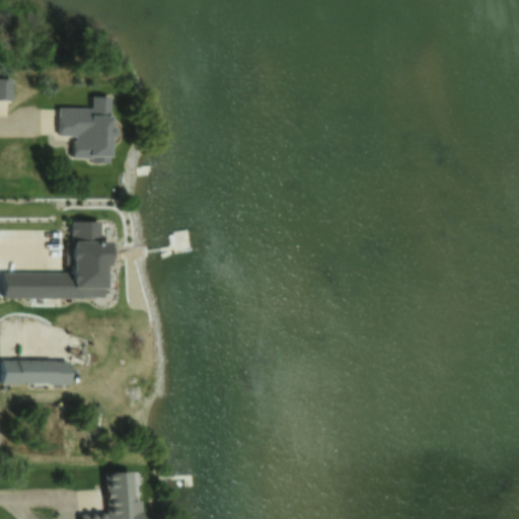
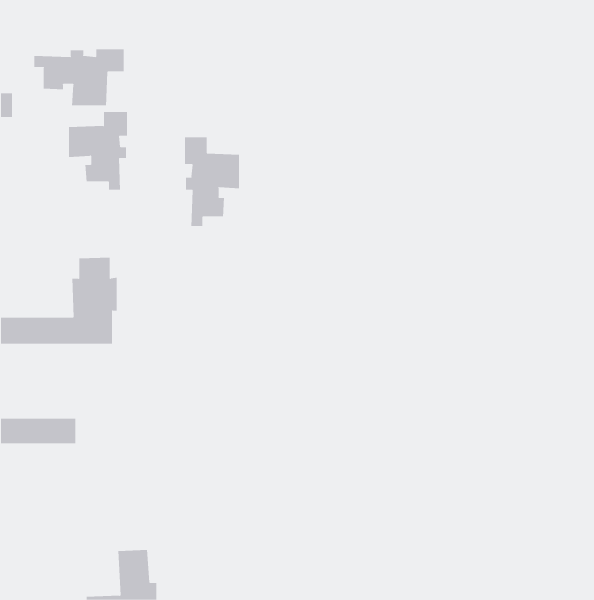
building: none -> [34,48,124,106]
building: none -> [184,137,240,227]

